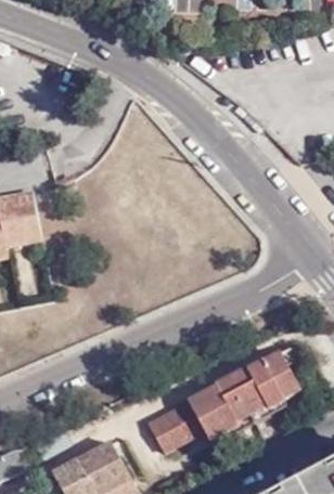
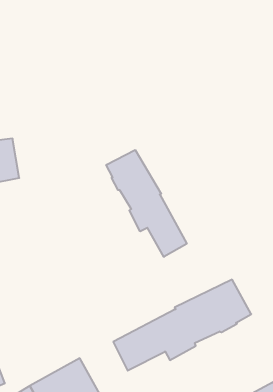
building: none -> [106,150,187,257]

